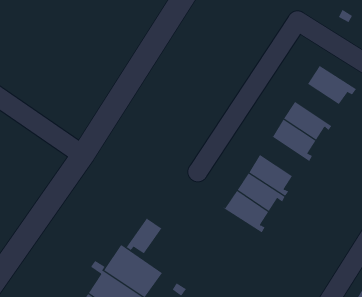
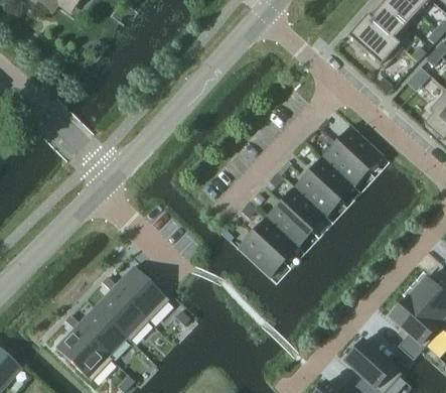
building: none -> [322,142,364,186]
building: none -> [281,185,327,228]
building: [126,216,162,254] -> none

